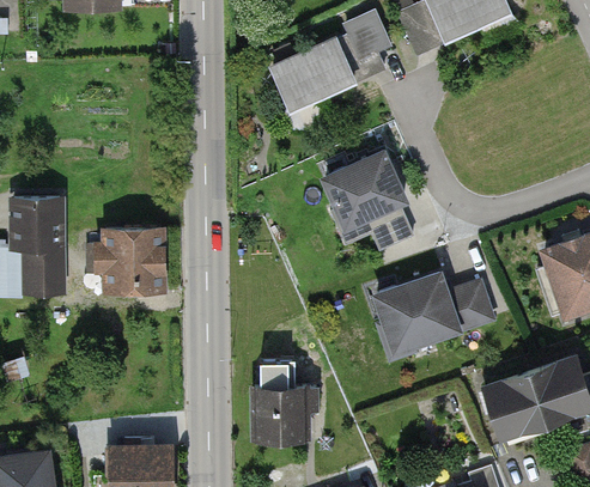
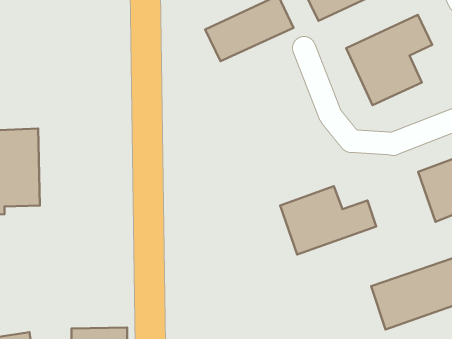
building: none -> [346,15,432,105]
building: [316,144,406,246] -> none
building: [103,221,170,286] -> none
building: [258,383,315,433] -> none

